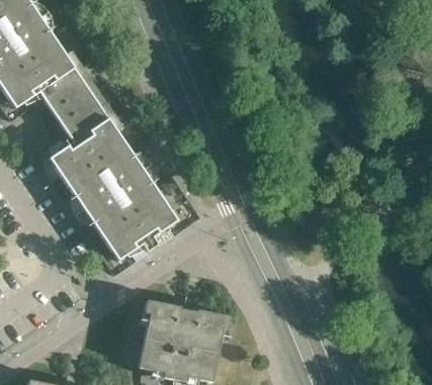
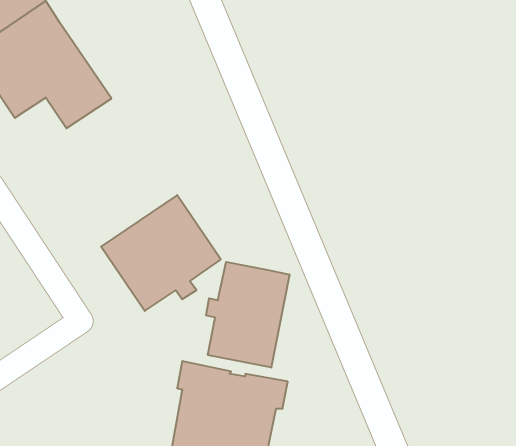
building: [49,92,143,208] -> none
building: none -> [206,262,289,368]

